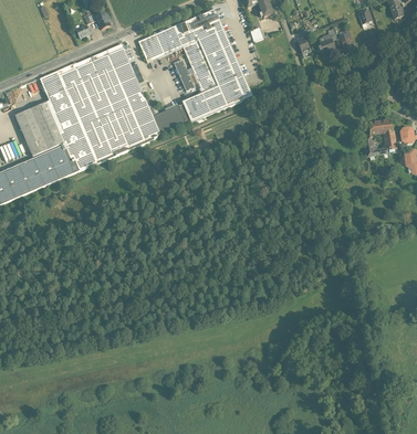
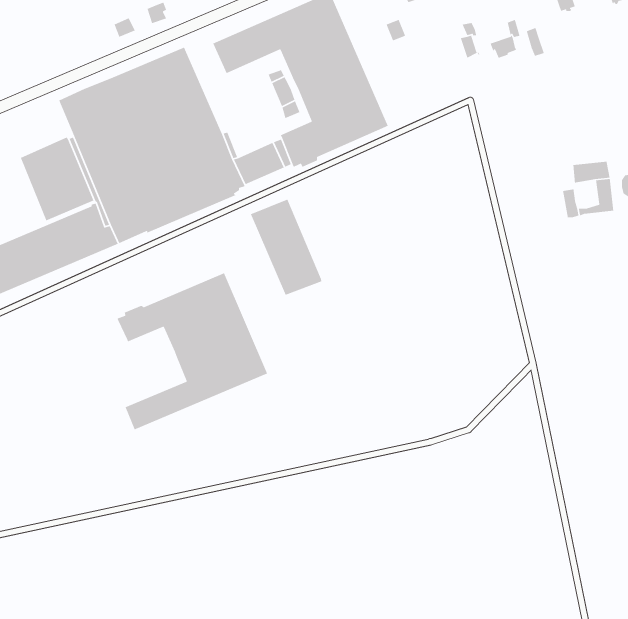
building: none -> [250,198,322,296]
building: none -> [116,272,268,430]

